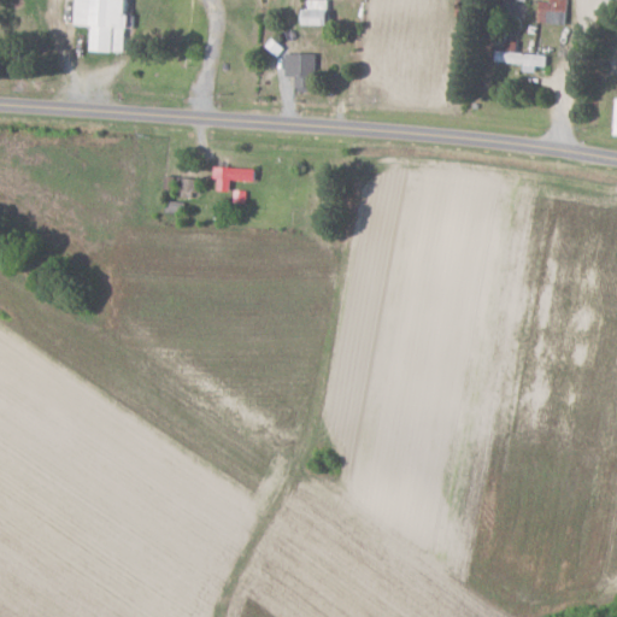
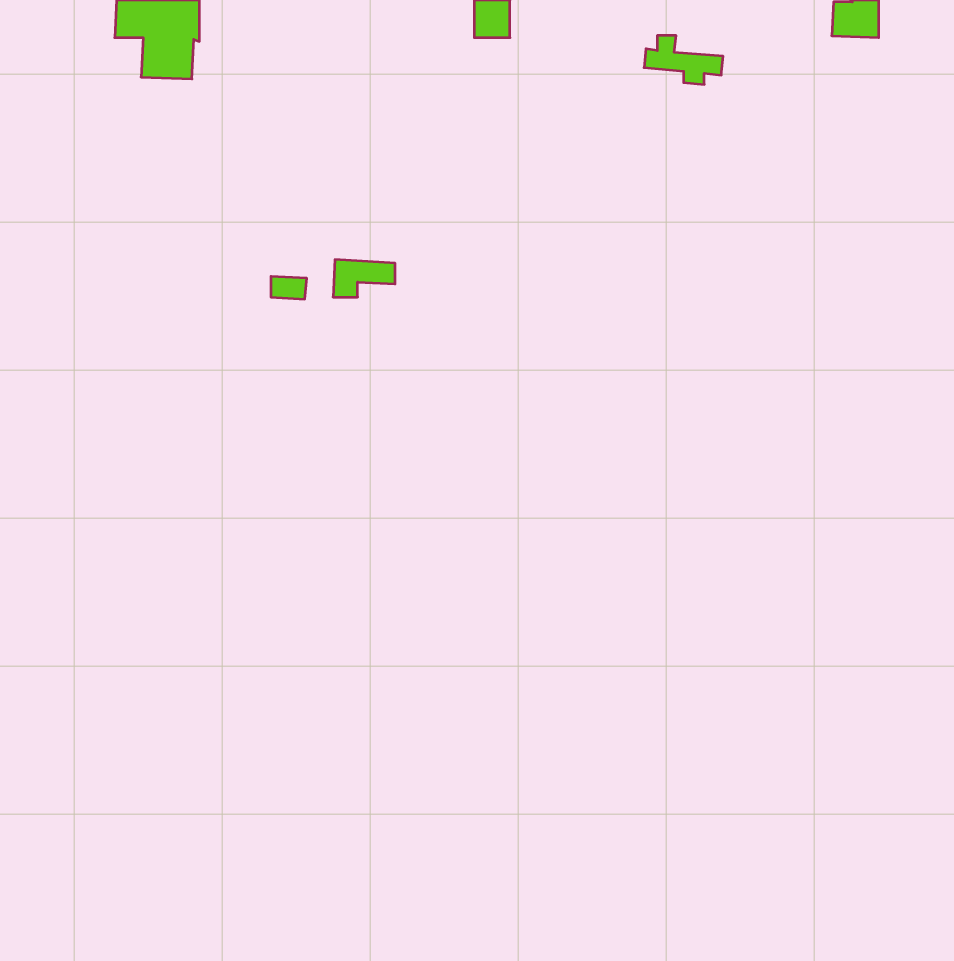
building: [494,41,545,72] -> [644,36,723,84]
building: [282,53,312,92] -> none

